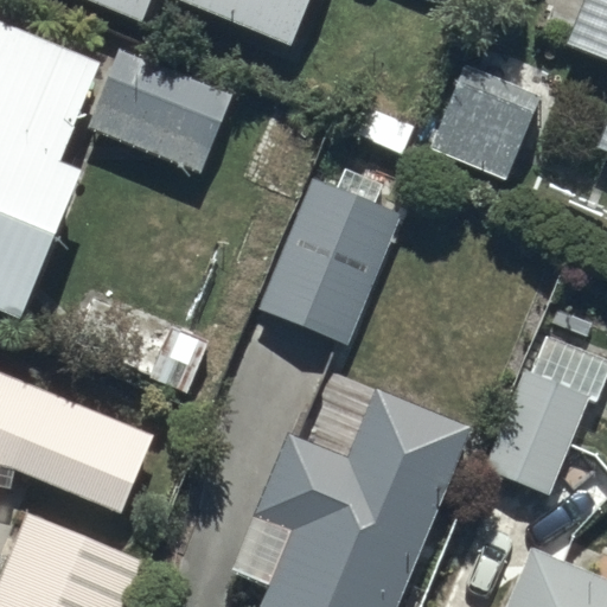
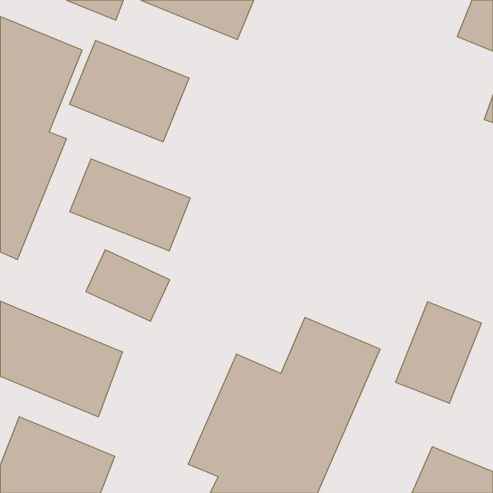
building: [429,63,543,183] -> none
building: [258,179,400,344] -> none
building: none -> [70,159,190,251]

